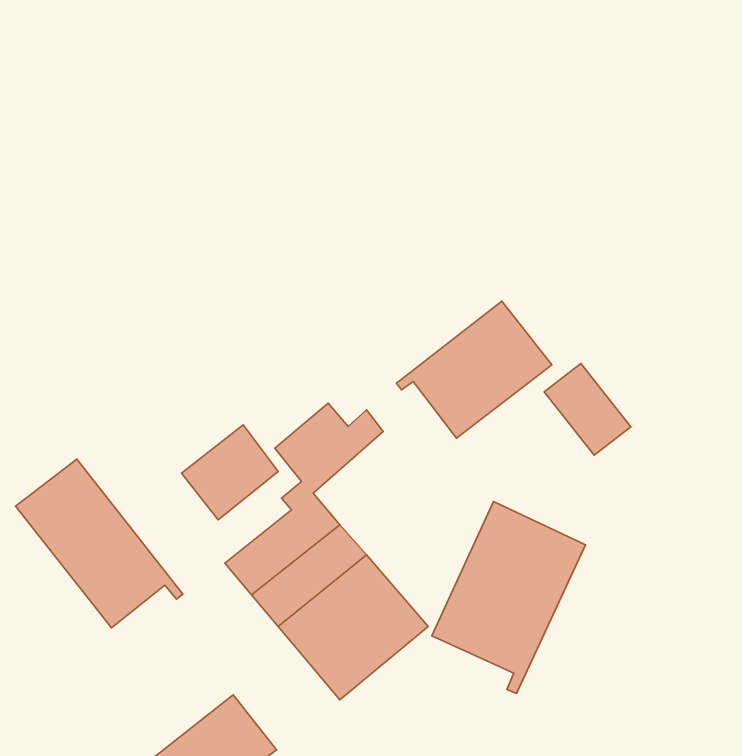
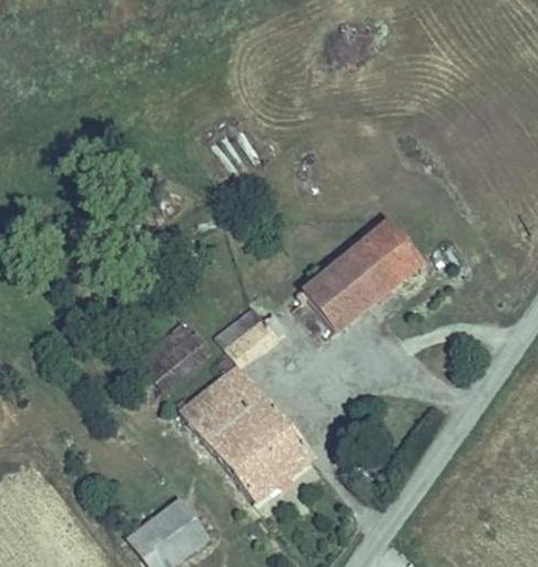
building: [544,364,631,455] -> [363,220,420,281]
building: [16,459,183,628] -> none
building: [432,501,586,694] -> none

